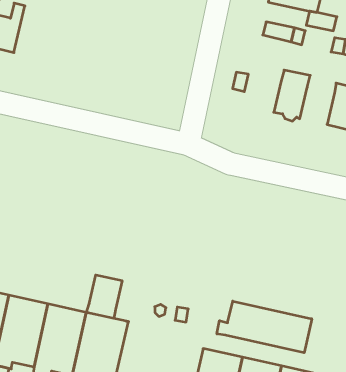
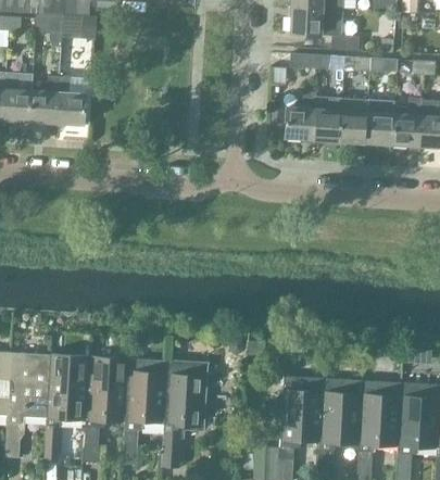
building: none -> [54,76,85,124]
building: none -> [287,90,317,139]
building: none -> [340,98,369,146]
building: [86,275,122,318] -> none
building: [217,301,312,353] -> none

